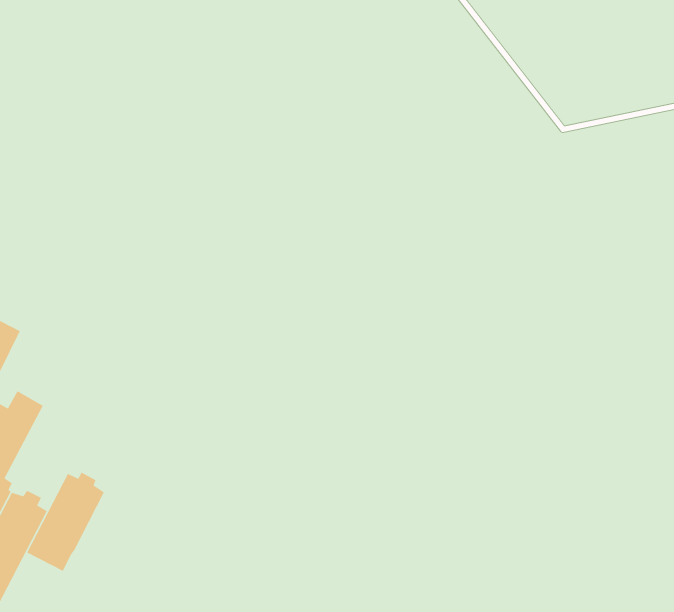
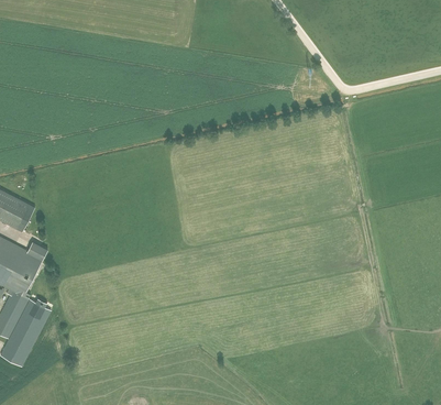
building: [26,471,105,572] -> none

